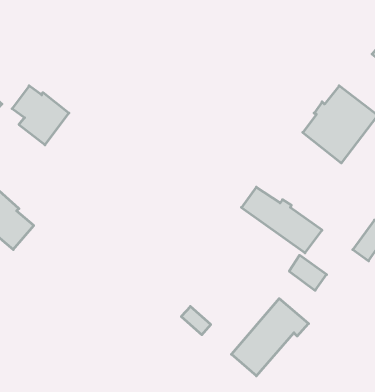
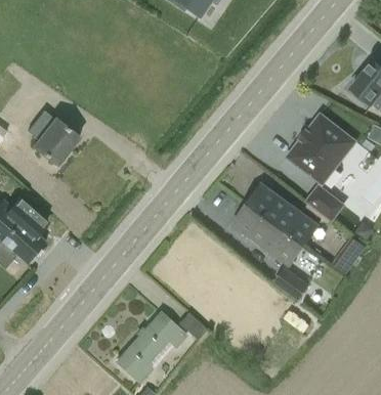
building: none -> [246,183,320,245]
building: none -> [305,187,341,221]
building: [231,299,309,376] -> [116,312,185,382]

